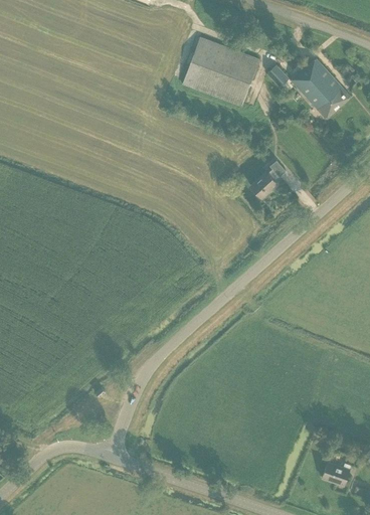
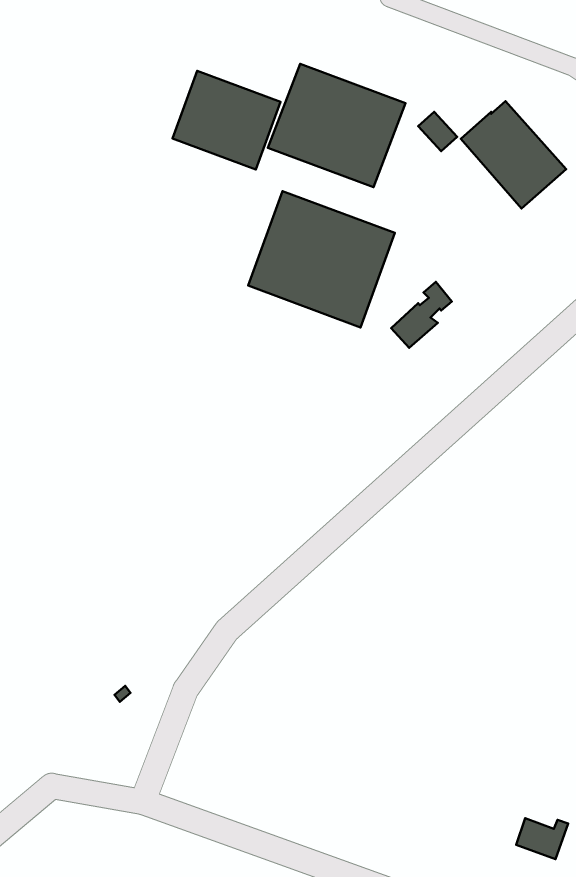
building: none -> [173,71,280,170]
building: none -> [248,191,395,328]

